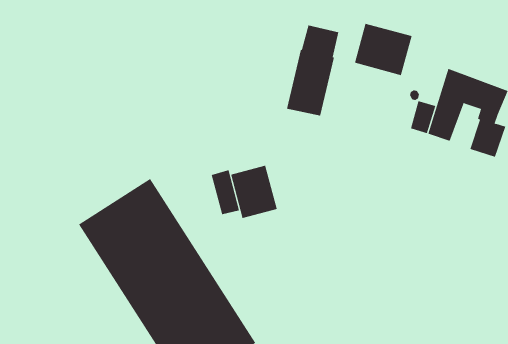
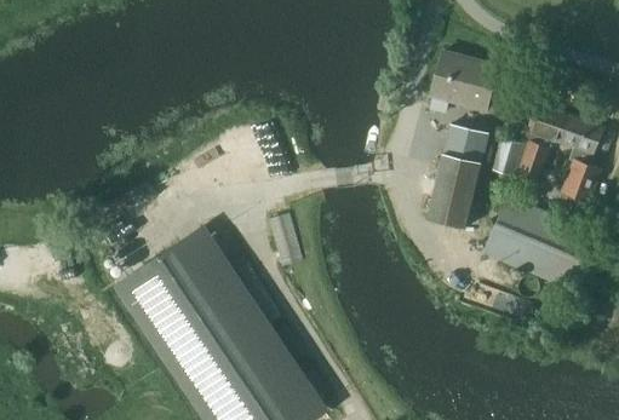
building: [286,25,339,116] -> [428,125,487,228]
building: none -> [485,199,595,287]
building: [230,165,277,219] -> none

